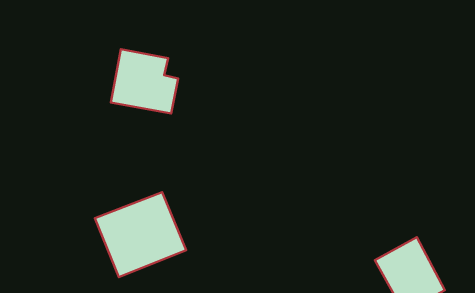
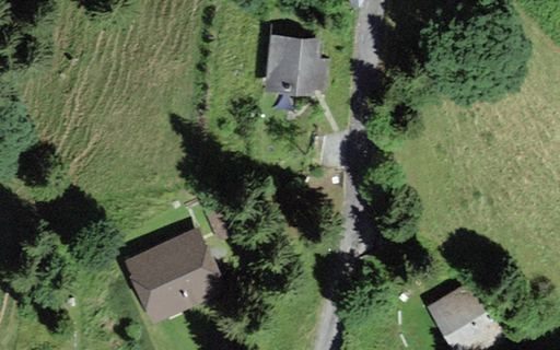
building: [111,49,178,113] -> [260,31,334,101]

